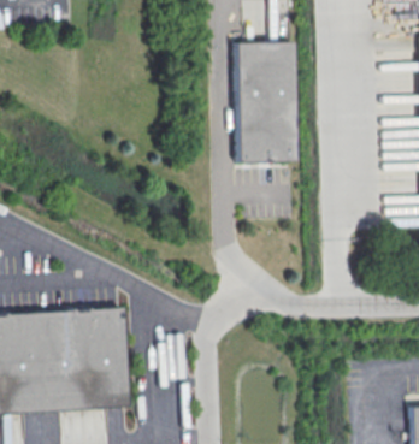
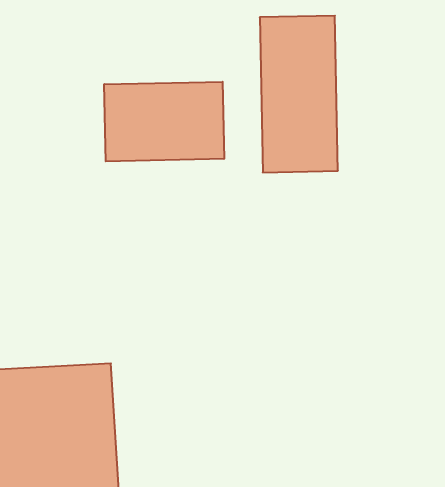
building: none -> [104,82,224,161]

